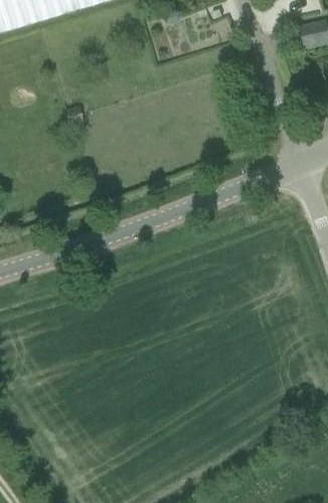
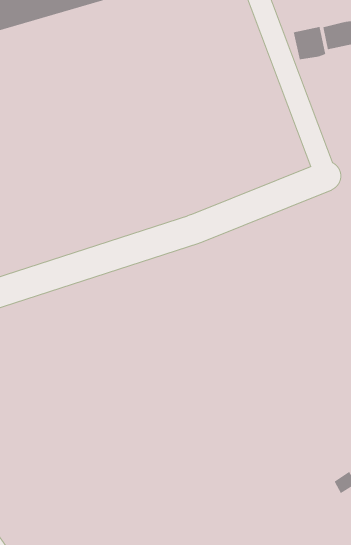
building: none -> [293,26,326,60]

